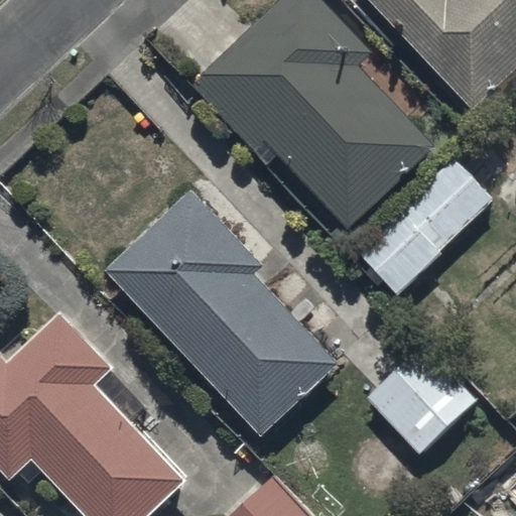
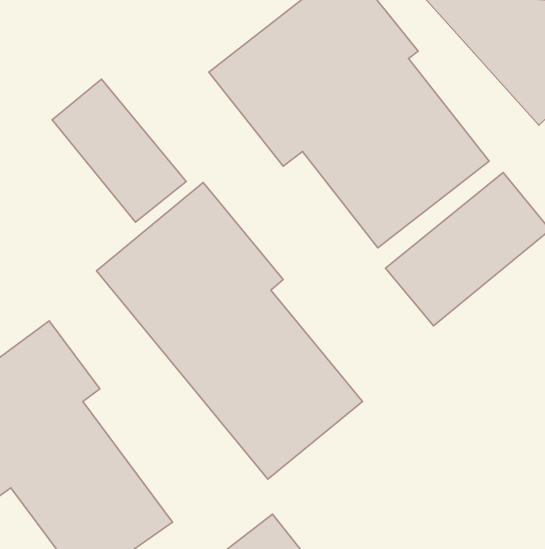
building: none -> [52,79,186,222]
building: [363,340,480,457] -> none

